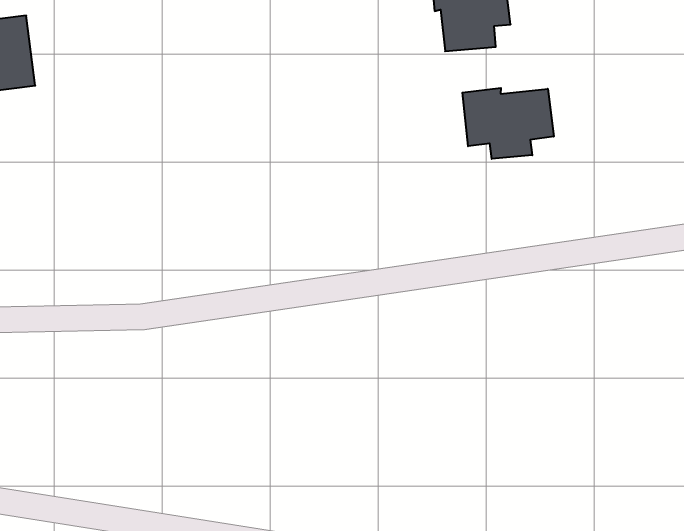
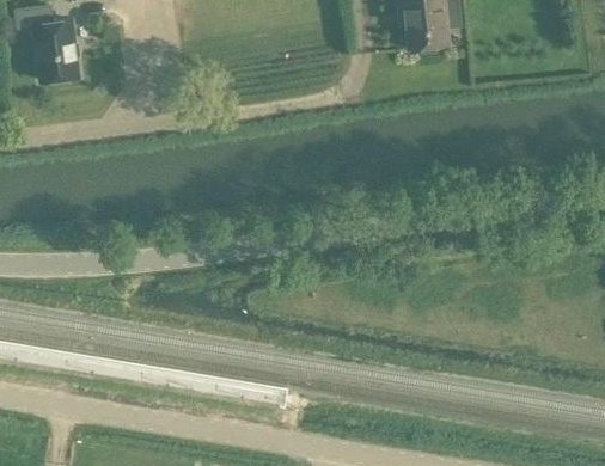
building: [462,88,554,159] -> none

